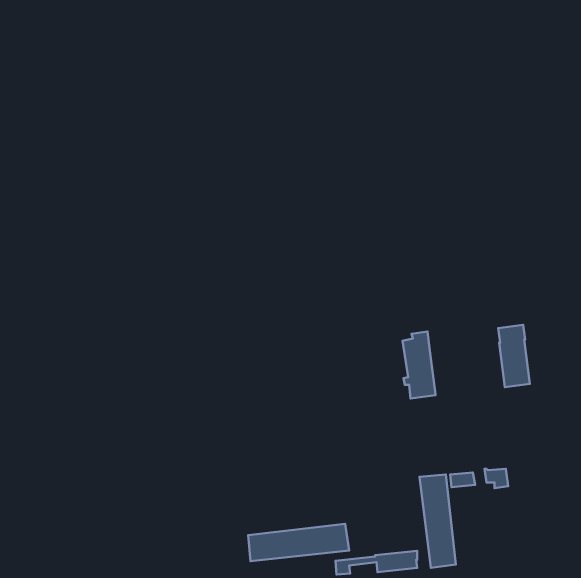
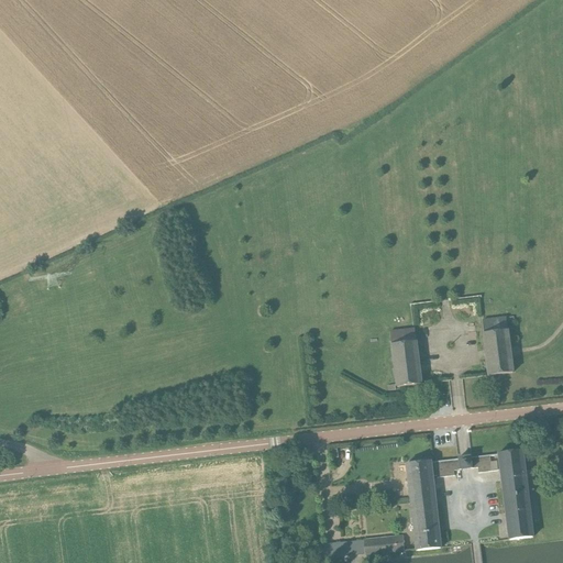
building: none -> [498,449,533,539]
building: [248,524,349,561] -> none

